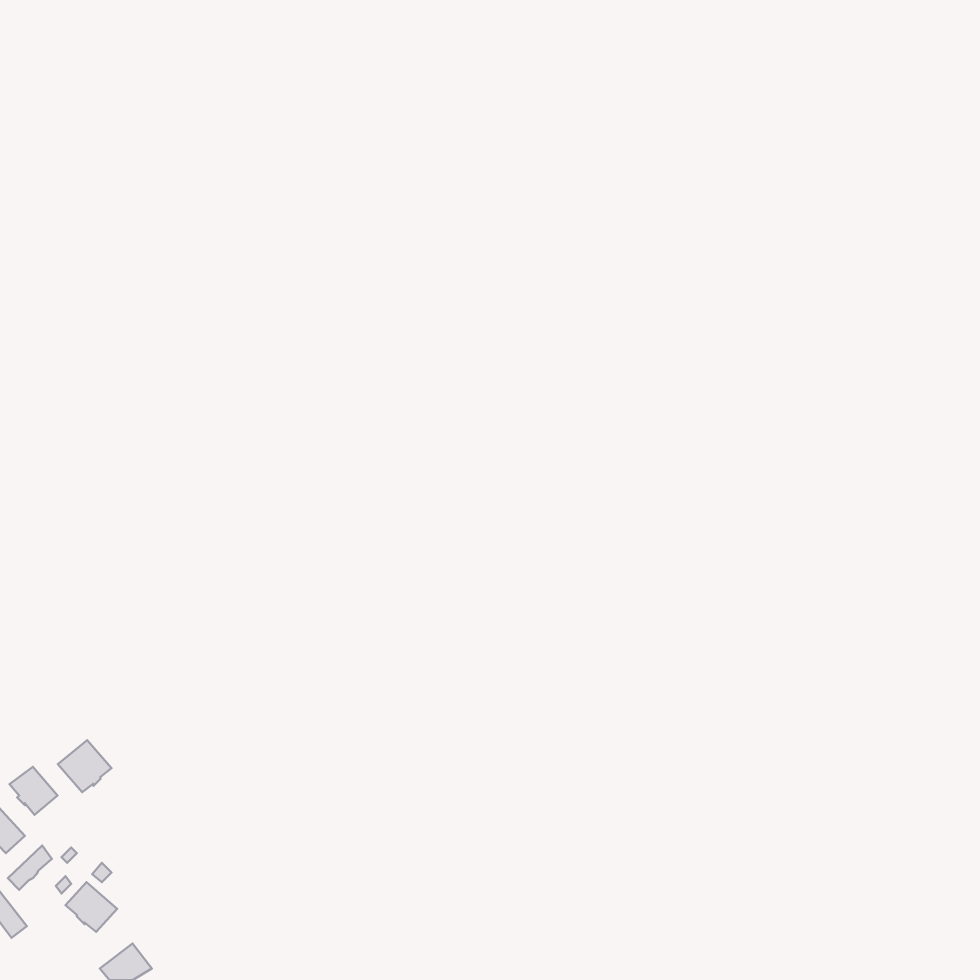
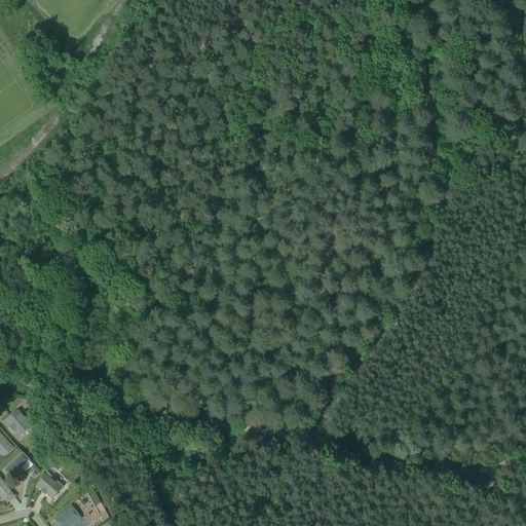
building: [58,740,112,792] -> none

